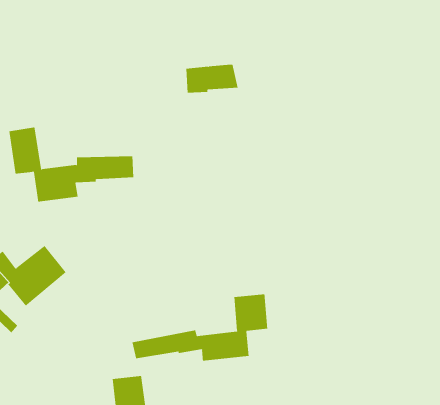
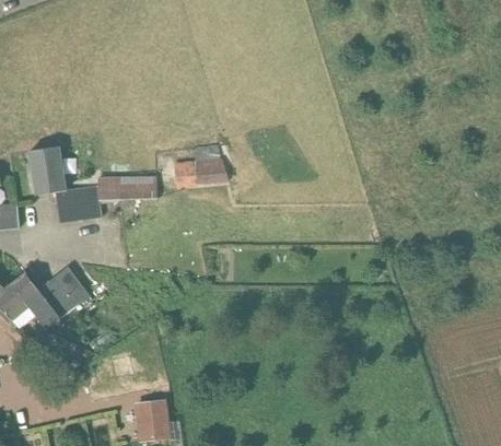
building: [186,64,238,93] -> [174,157,228,187]
building: [132,294,268,362] -> none

